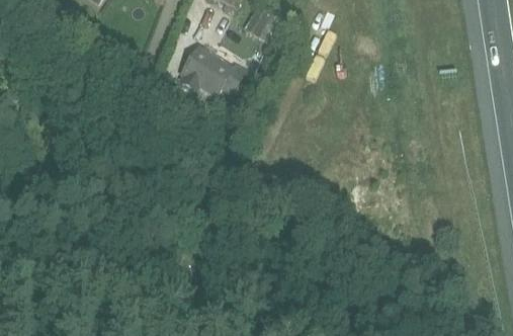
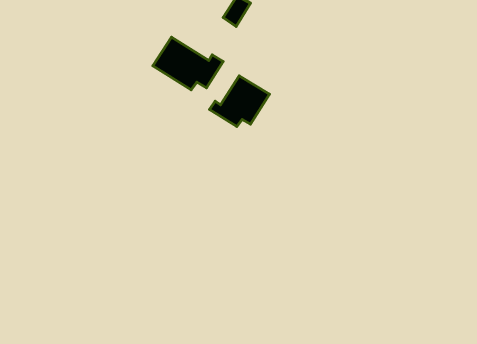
building: none -> [210,76,269,127]

